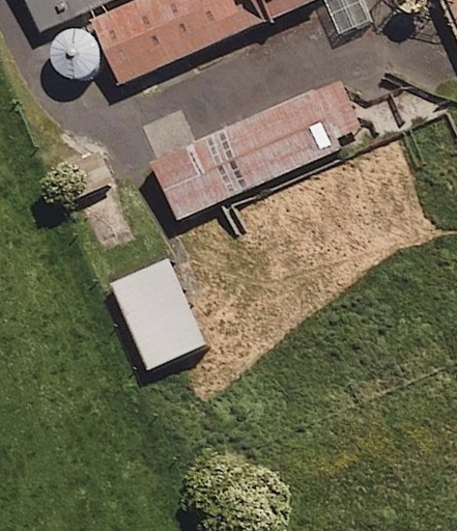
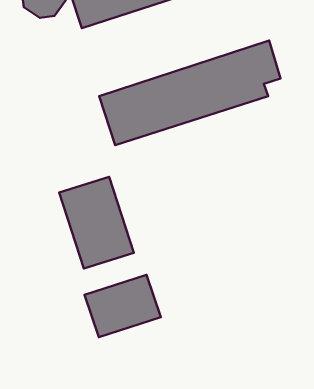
building: none -> [85,275,161,337]

